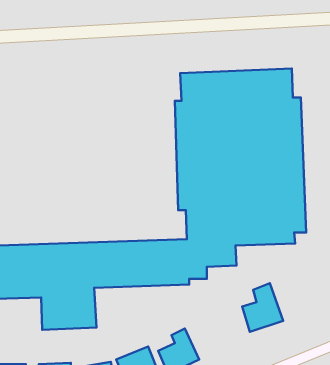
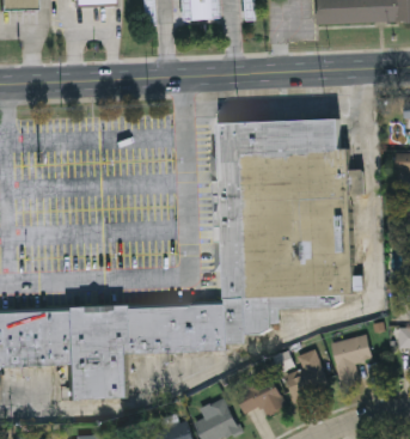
building: none -> [331,335,372,385]
building: none -> [232,372,287,417]

